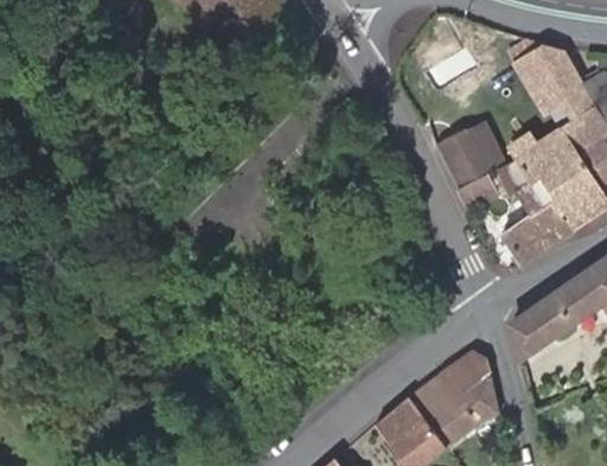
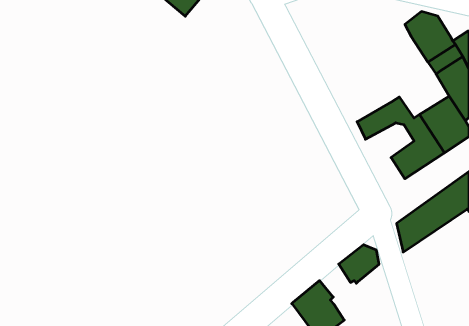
building: [439,120,506,189] -> none
building: [516,127,580,184] -> none
building: [413,372,498,445] -> none

